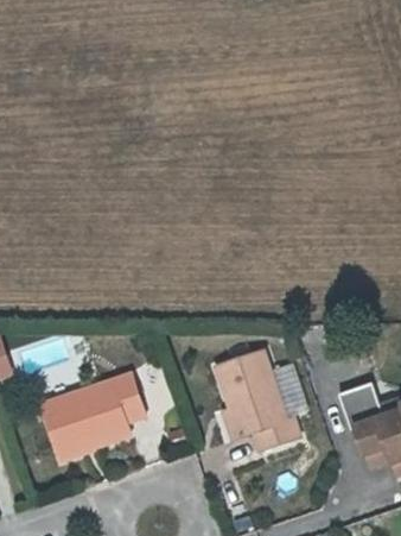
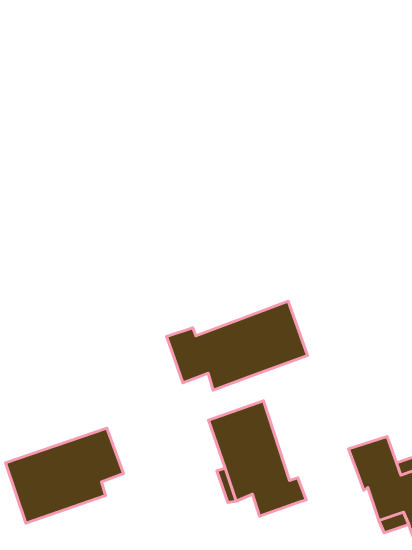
building: none -> [167,301,308,390]

